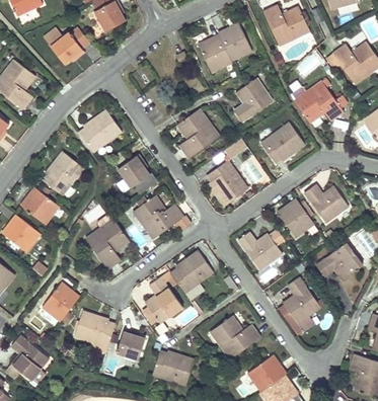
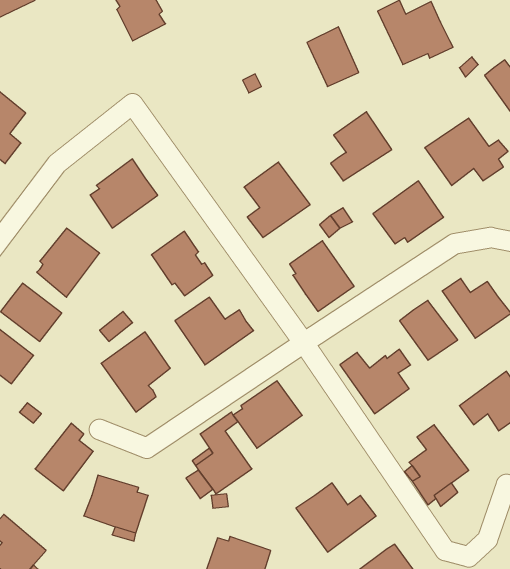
building: [51,31,85,63] -> none
building: [196,33,231,72] -> none
building: [115,328,144,359] -> none

